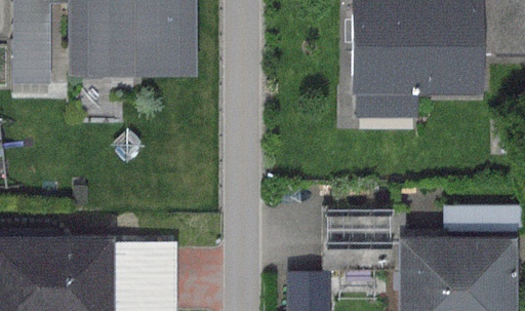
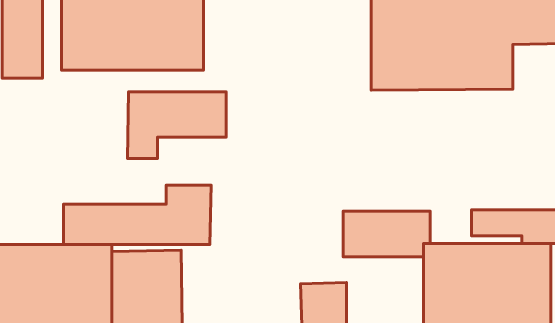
building: none -> [128,92,226,159]
building: none -> [63,185,211,245]

